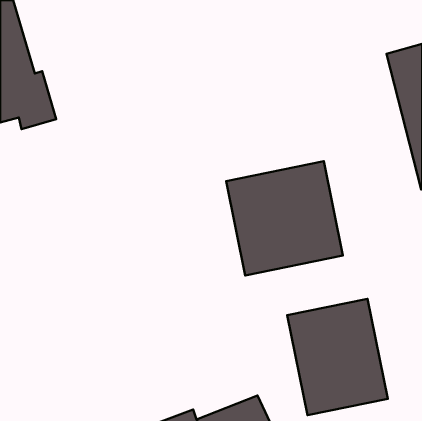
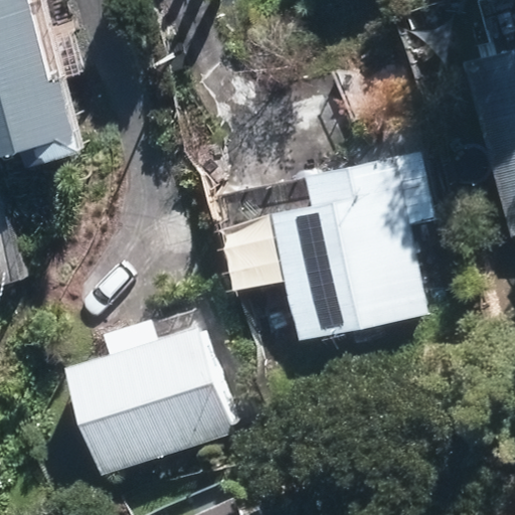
building: none -> [76,339,222,470]
building: [287,299,388,415] -> none

